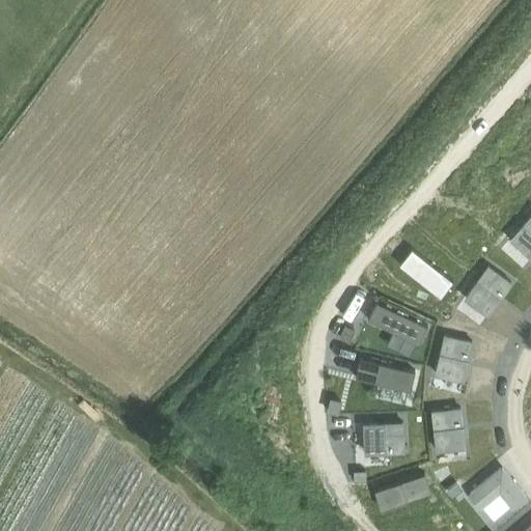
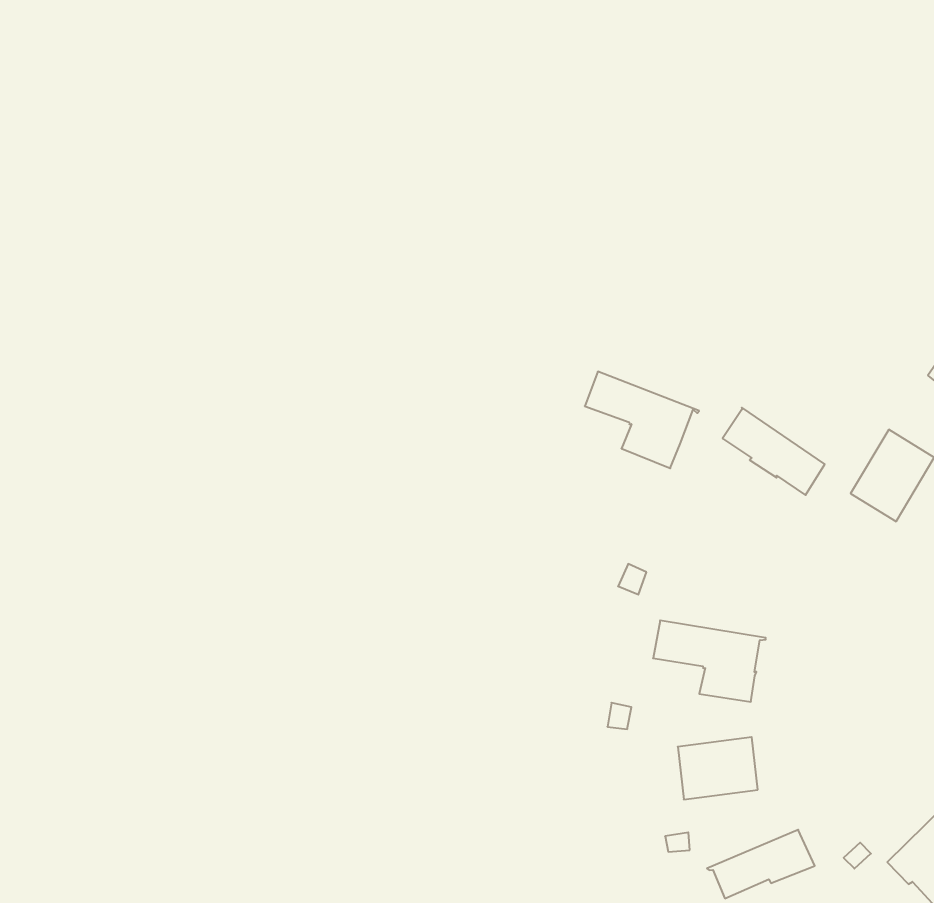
building: [368,304,428,358] -> [585,372,699,468]
building: [436,337,473,382] -> none
building: [432,410,465,451] -> none

